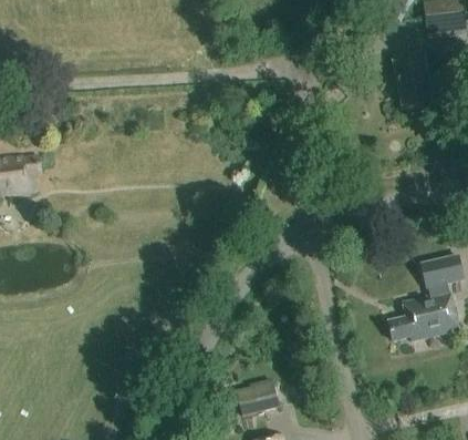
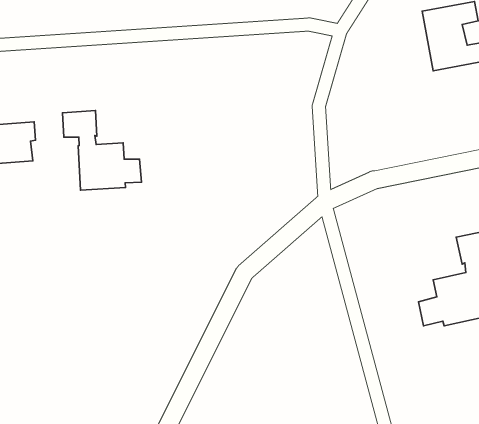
building: none -> [63,110,141,190]
building: [236,380,279,415] -> none

